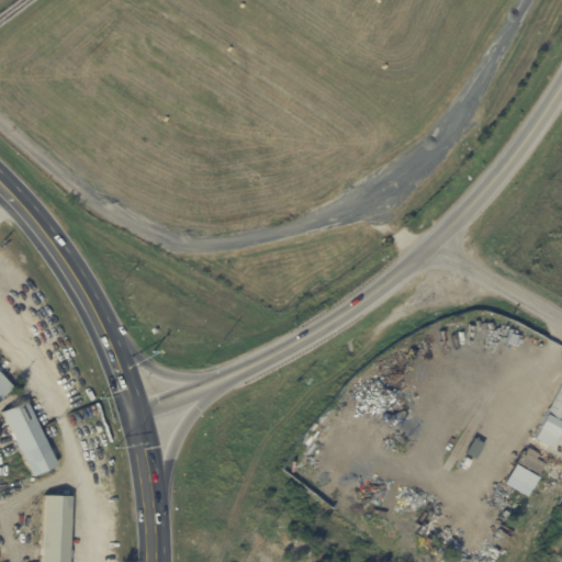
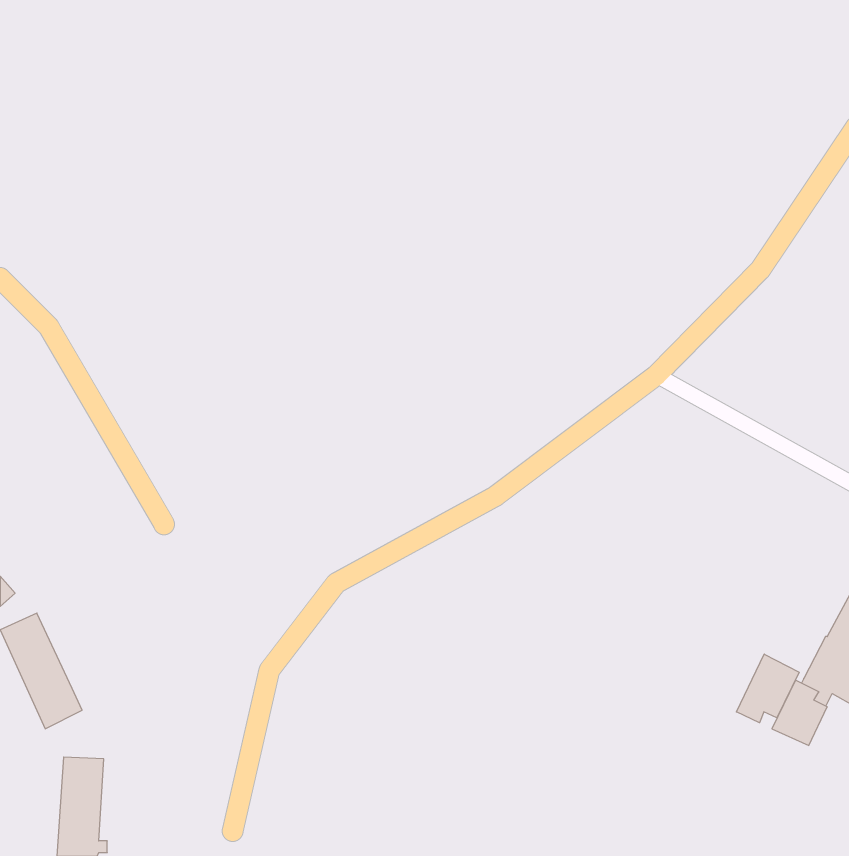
building: none -> [736,654,799,723]

